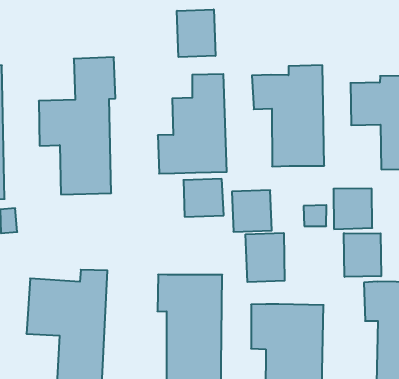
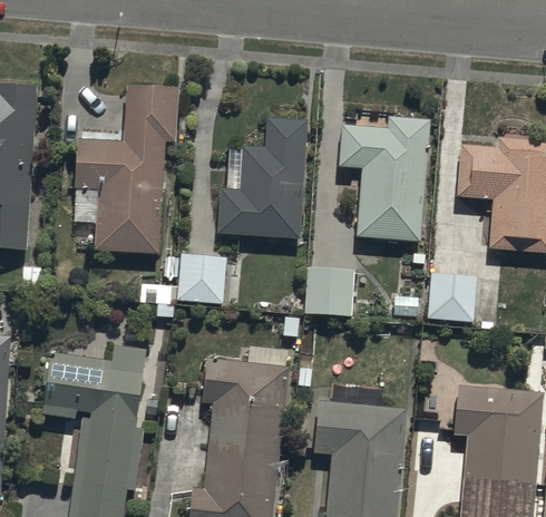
building: [177,9,215,57] -> none
building: [183,179,224,217] -> [177,254,226,301]
building: [246,233,285,282] -> none
building: [344,233,381,277] -> none

